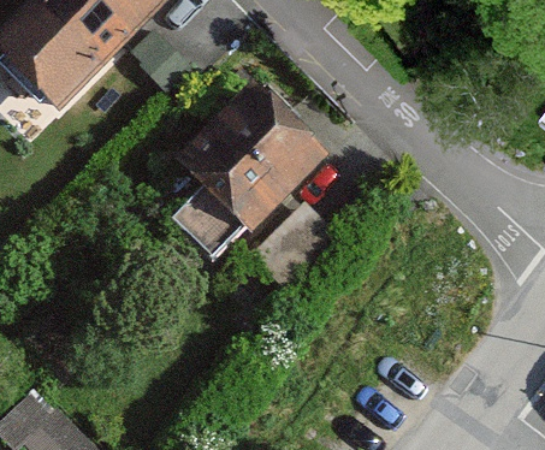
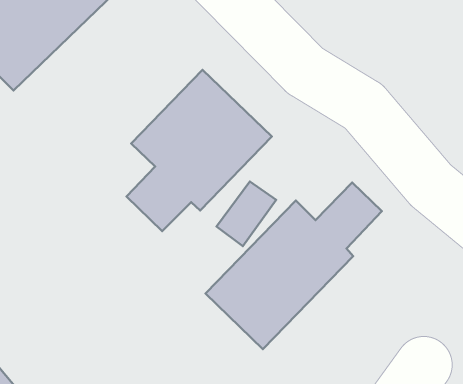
building: none -> [206,183,382,349]

